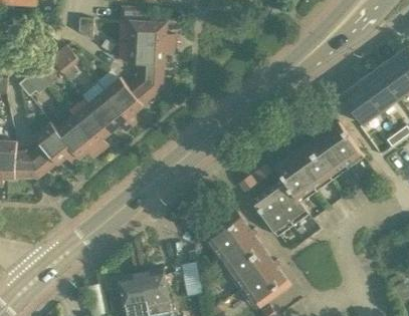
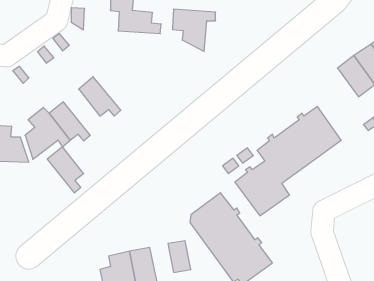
building: [128,42,173,86] -> [172,9,216,51]
building: [103,77,158,125] -> none
building: [340,81,381,124] -> none
building: [71,103,110,151] -> [47,147,84,193]

